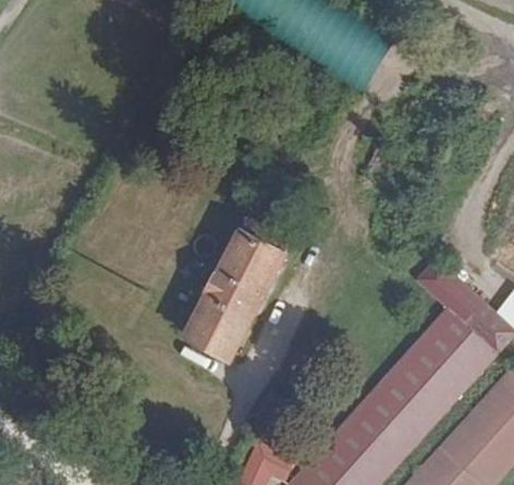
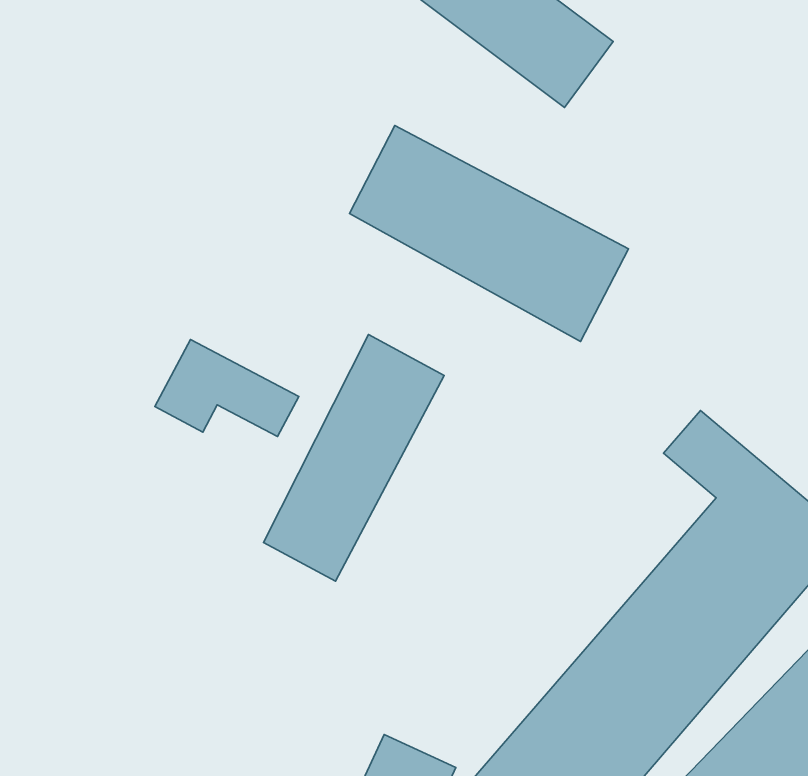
building: none -> [349,125,629,342]
building: none -> [155,339,299,436]

